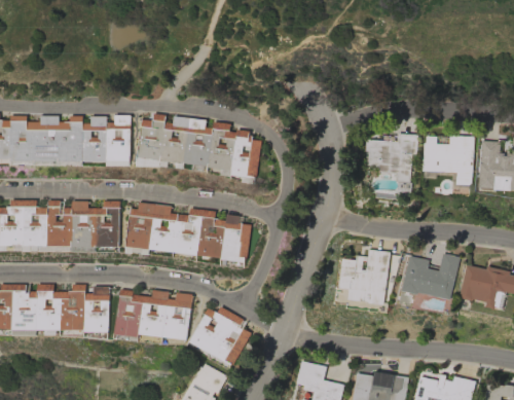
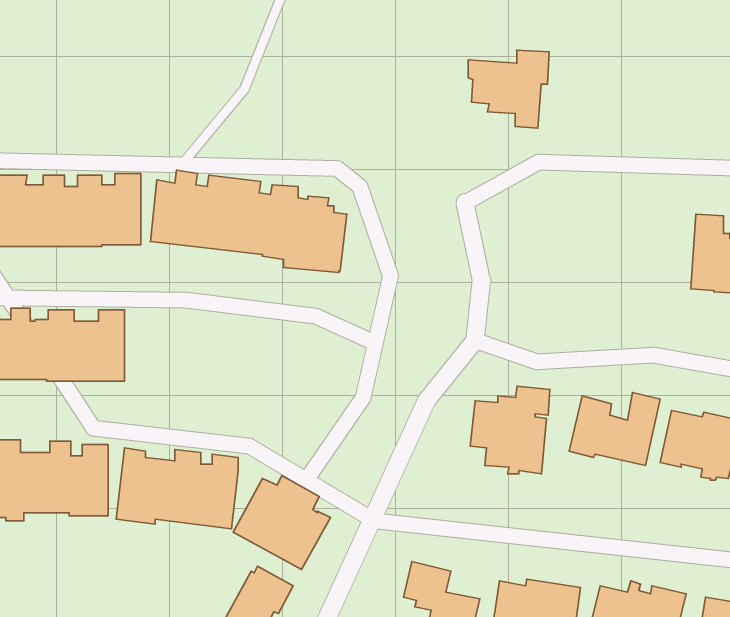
building: [365,134,416,183] -> [468,50,549,128]
building: [421,136,473,185] -> none
building: [125,203,251,262] -> none

